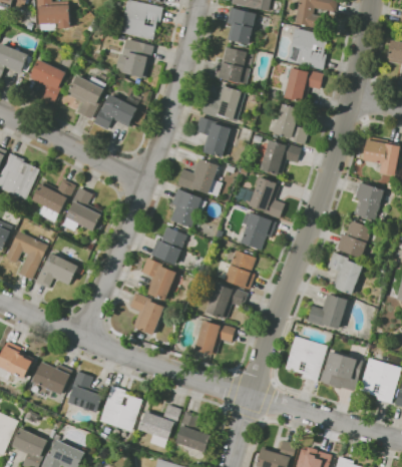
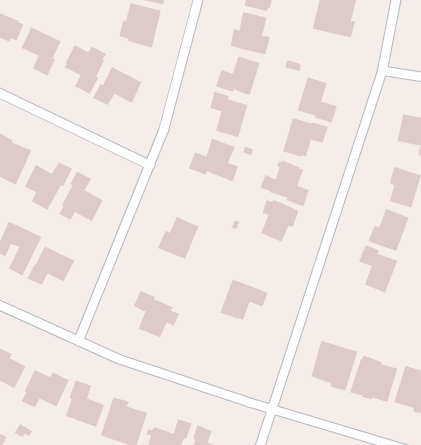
building: [282,67,322,102] -> none
building: [169,188,206,227] -> none
building: [215,250,256,290] -> none
building: [140,257,176,301] -> none
building: [306,293,347,329] -> none
building: [193,319,235,356] -> none

